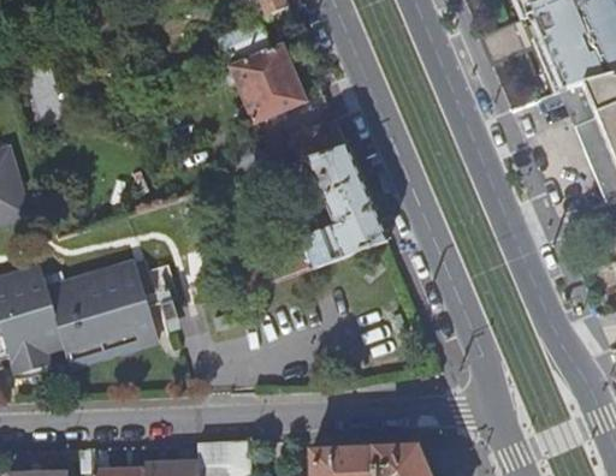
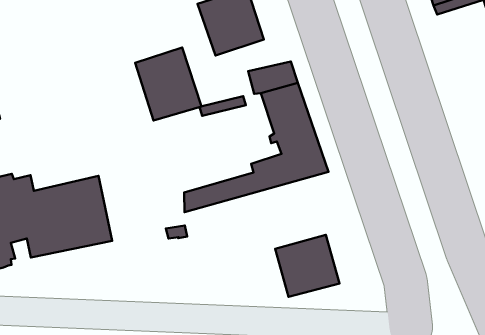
building: none -> [135,48,202,121]
building: none -> [275,235,340,297]

